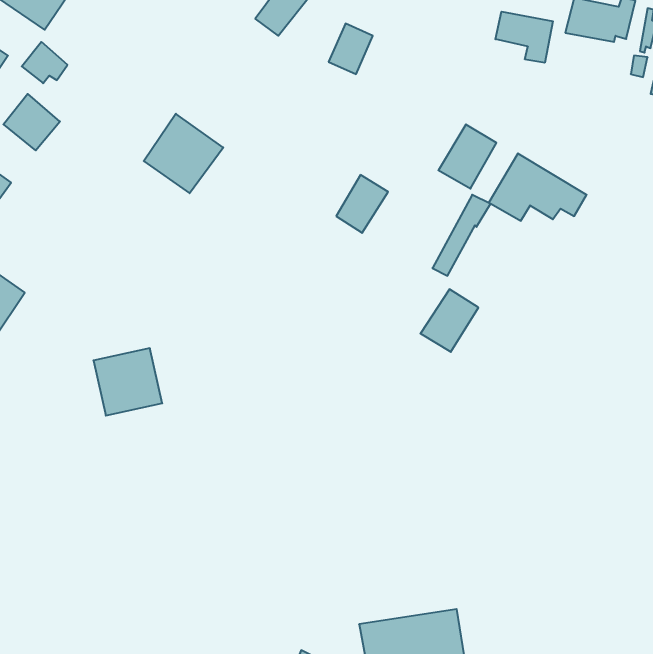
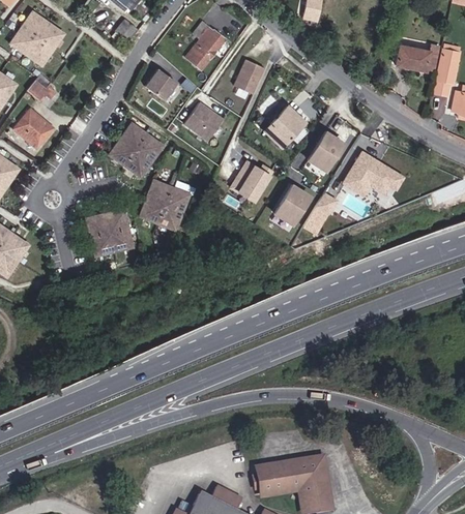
building: [495,12,553,63] -> none
building: none -> [143,69,173,100]
building: none -> [184,100,223,139]
building: none -> [269,102,310,143]
building: none -> [139,179,190,230]
building: [420,289,478,352] -> [275,183,315,225]
building: [93,348,162,416] -> [85,209,132,254]

